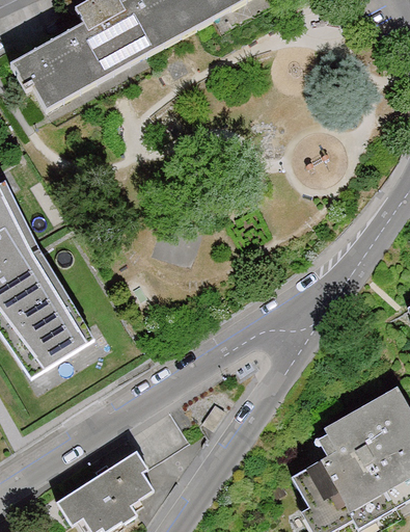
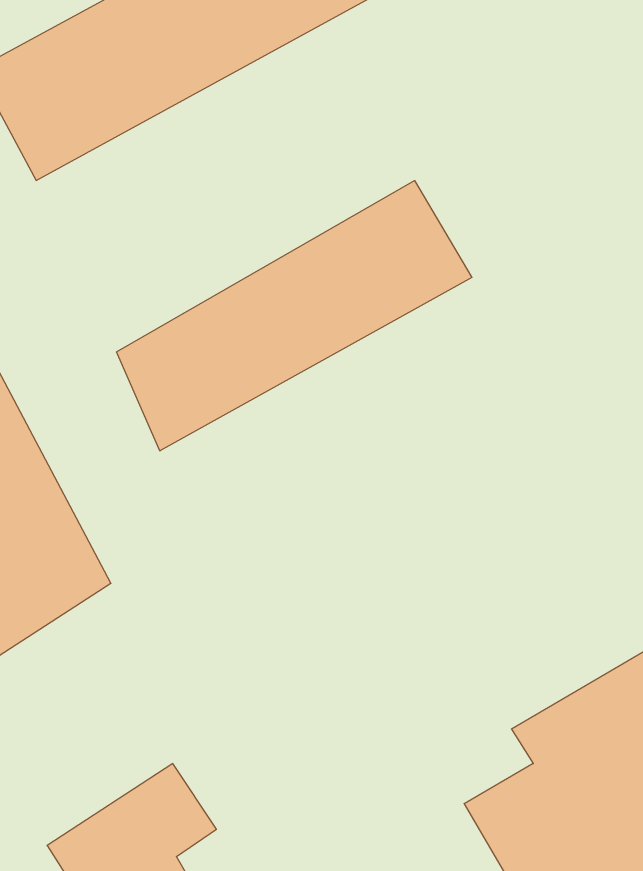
building: none -> [116,181,472,451]

